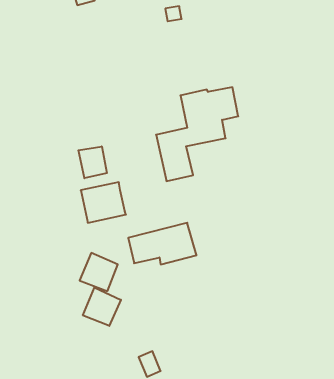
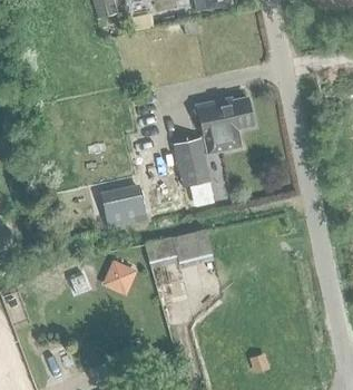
building: [78,146,107,178] -> none
building: [83,288,121,326] -> none

